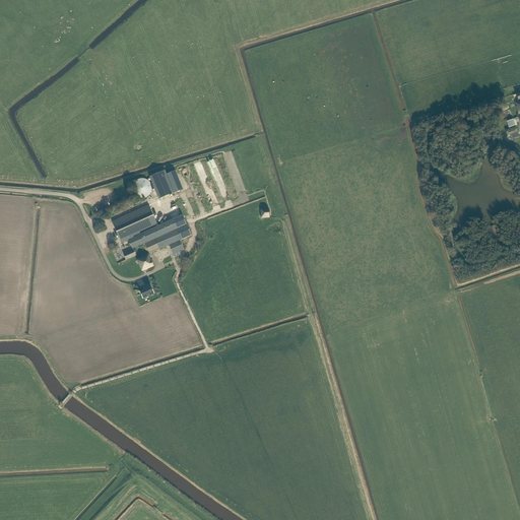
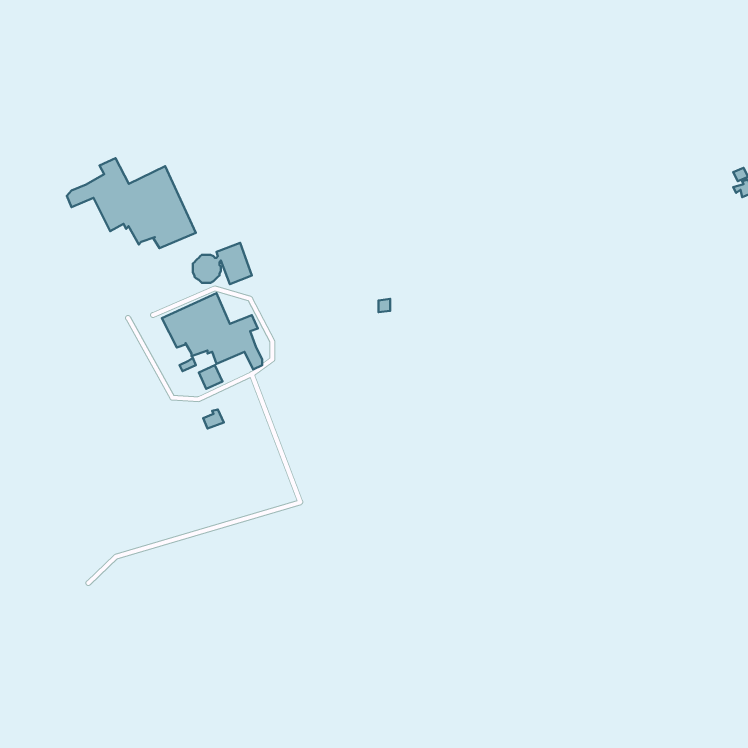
building: none -> [67,158,196,248]

